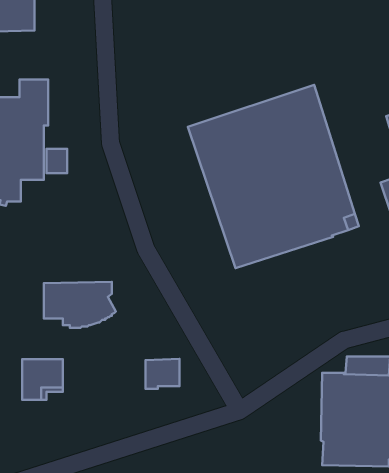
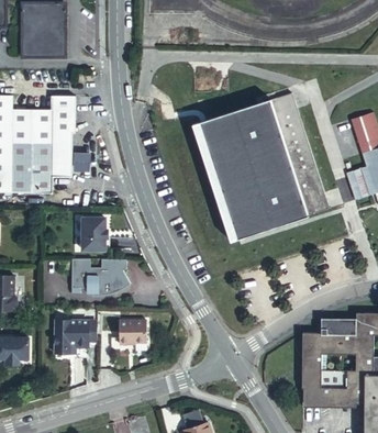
building: none -> [84,218,107,249]
building: [146,359,179,389] -> [119,319,146,343]

